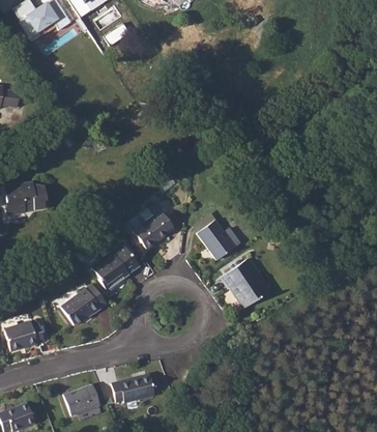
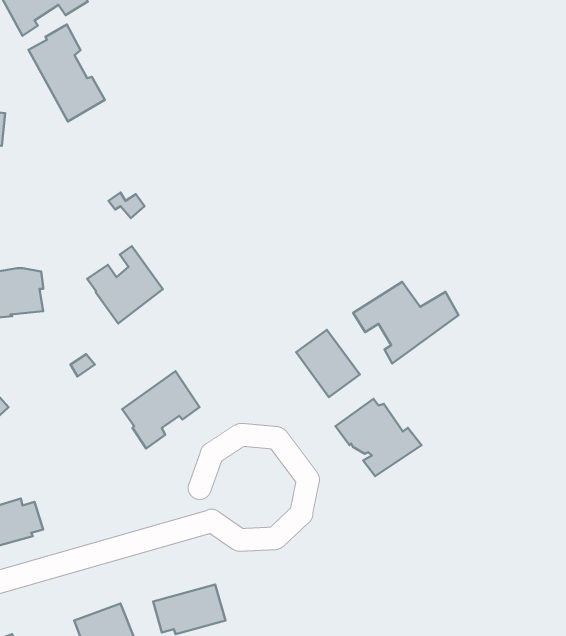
building: none -> [29,24,105,122]
building: none -> [353,282,458,364]
building: [128,203,174,250] -> [87,246,163,323]
building: [60,288,100,324] -> none

